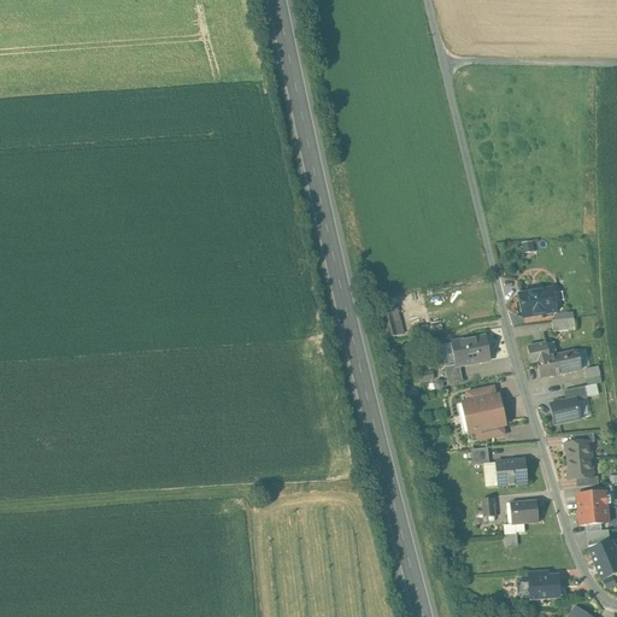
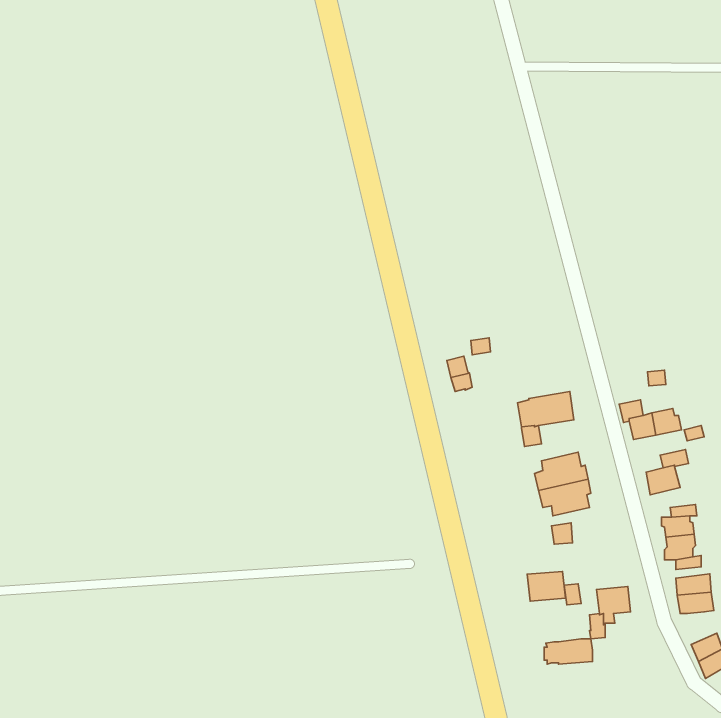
building: [519,284,557,315] -> none
building: [495,458,528,483] -> [527,571,565,601]
building: [518,576,559,598] -> [544,639,592,664]

